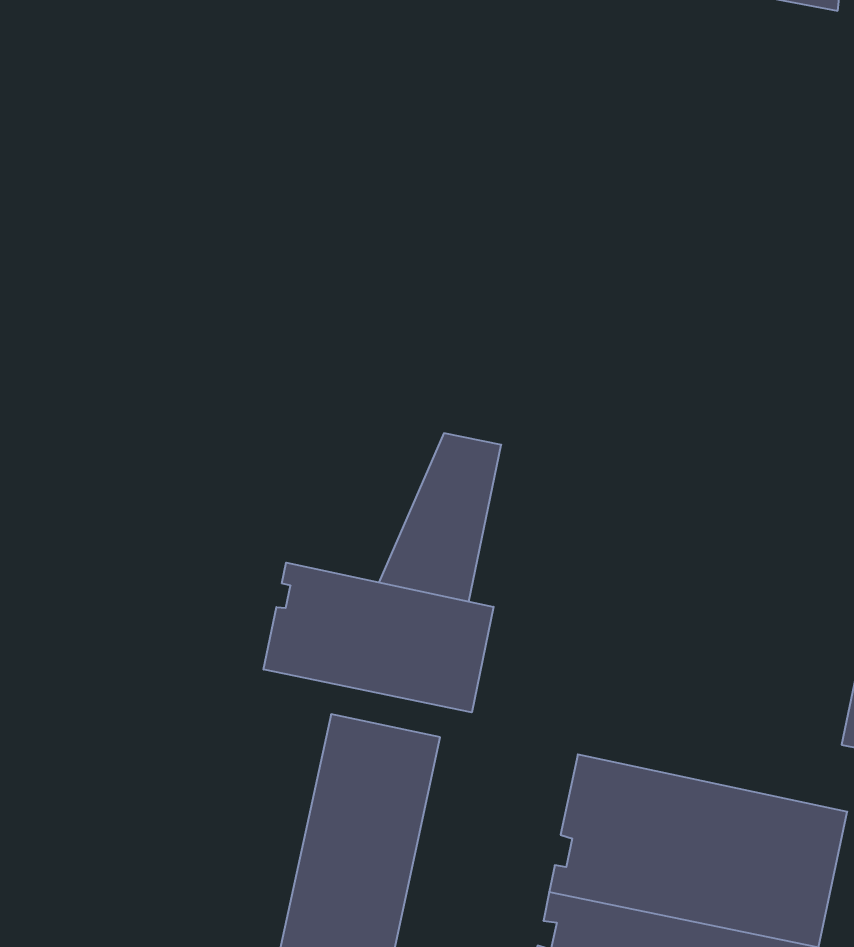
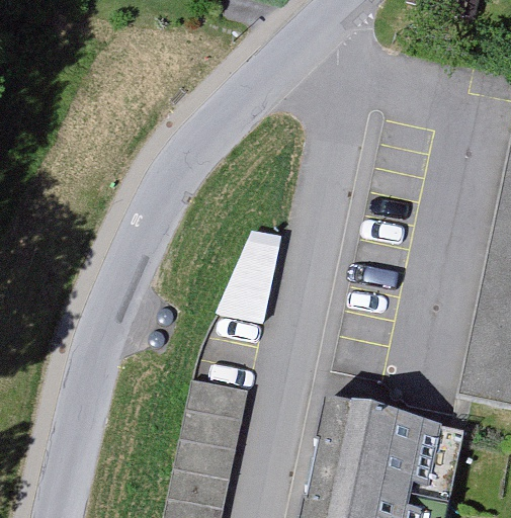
building: [264,563,494,712] -> none

